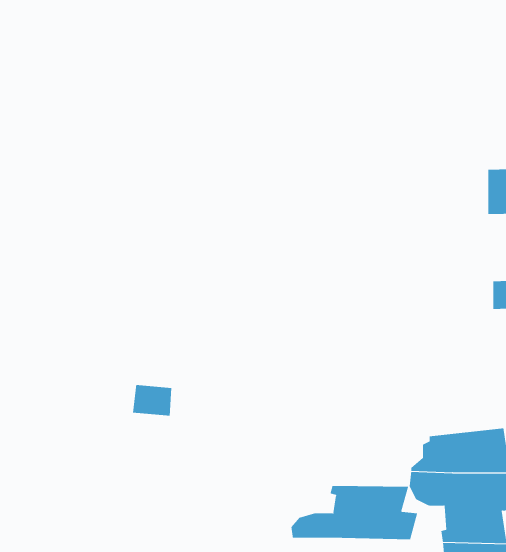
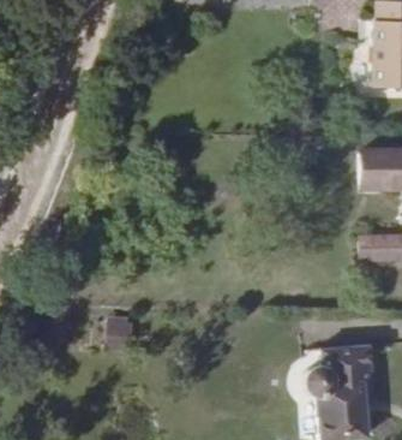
building: [291,485,418,540] -> none

